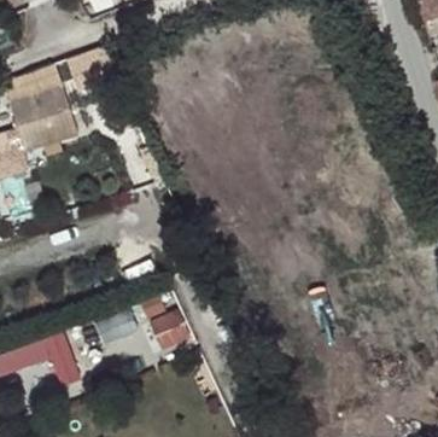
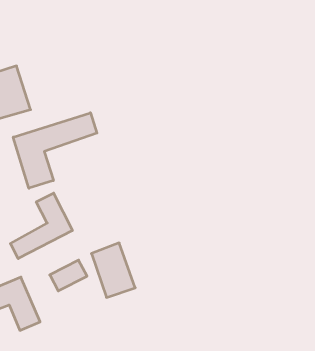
building: none -> [13,113,97,188]
building: none -> [10,193,72,259]

